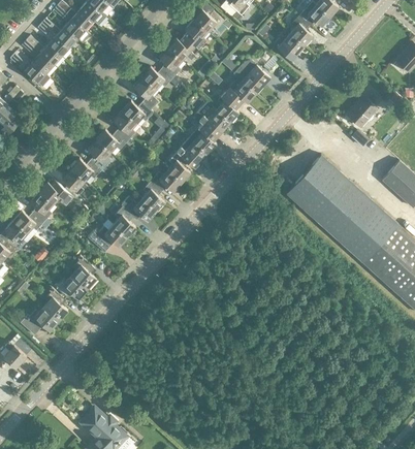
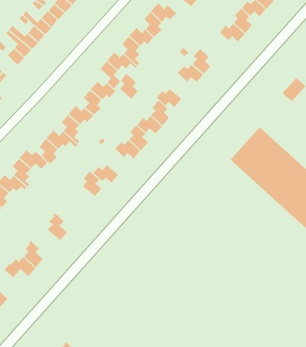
building: [215,92,237,123] -> [119,73,138,99]
building: [140,181,164,212] -> none
building: [87,225,127,252] -> none
building: [53,276,86,299] -> none

